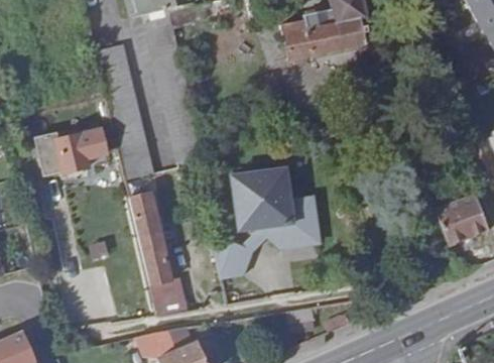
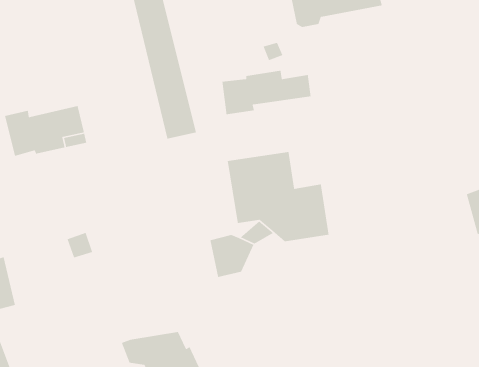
building: [94,45,152,174] -> none
building: none -> [222,70,311,115]
building: [129,194,197,317] -> none

